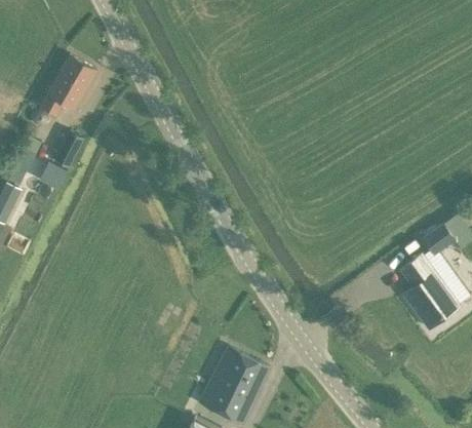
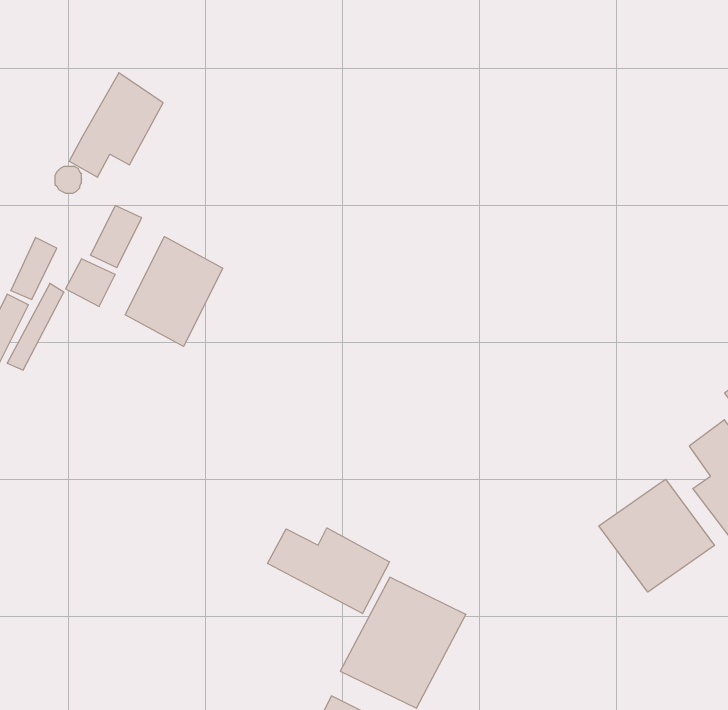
building: none -> [125,237,223,346]
building: none -> [599,479,714,592]
building: none -> [268,528,389,614]

